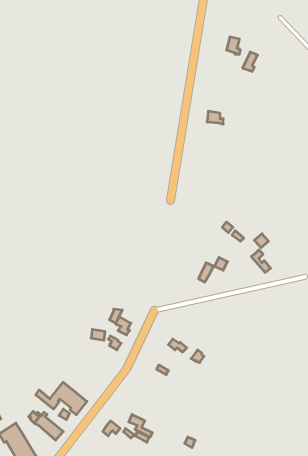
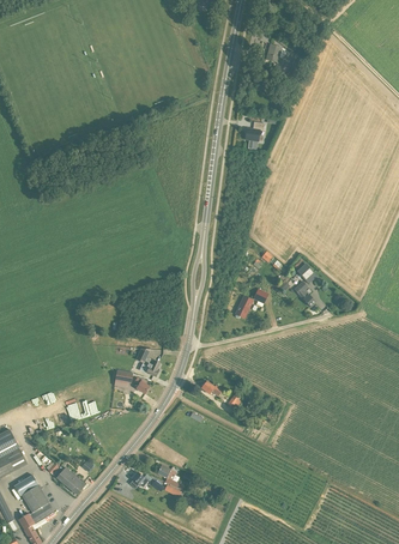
building: [36,382,87,415] -> none

